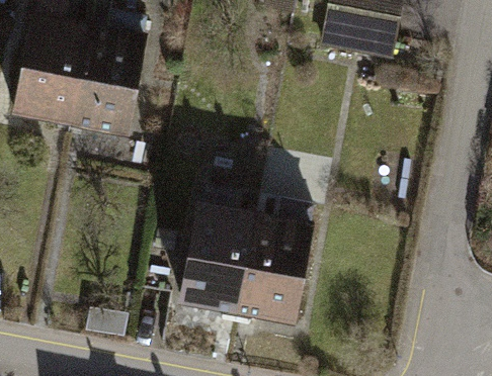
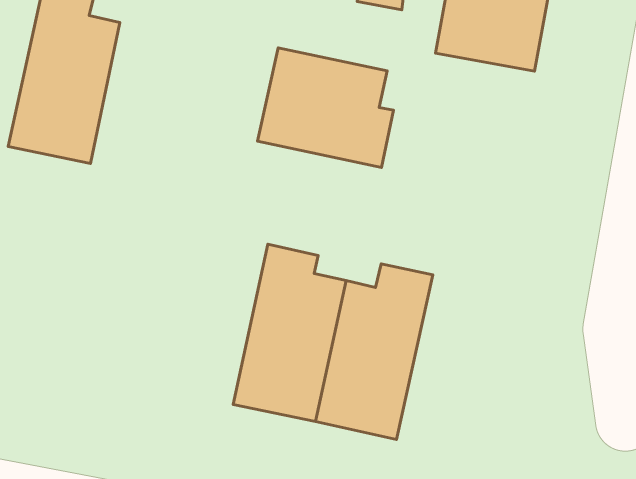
building: [70,15,154,143] -> none
building: none -> [257,48,393,168]

